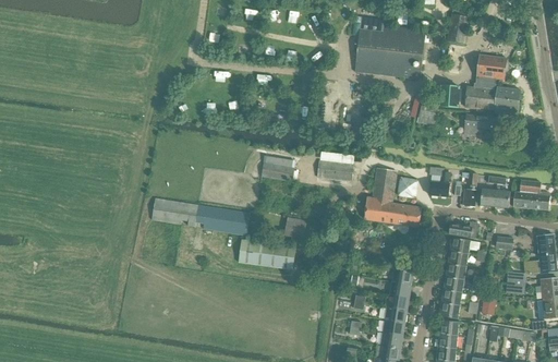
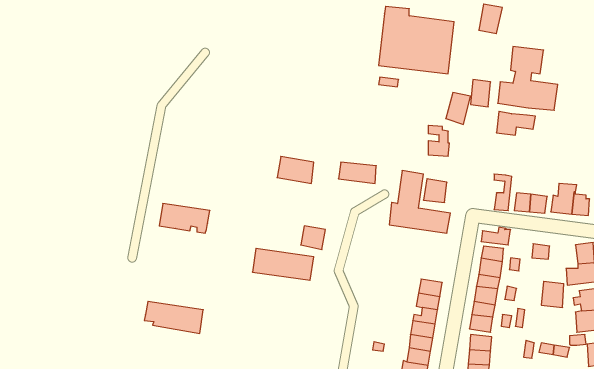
building: [429,167,449,195] -> [428,125,449,156]
building: [195,205,250,234] -> [144,301,203,333]

